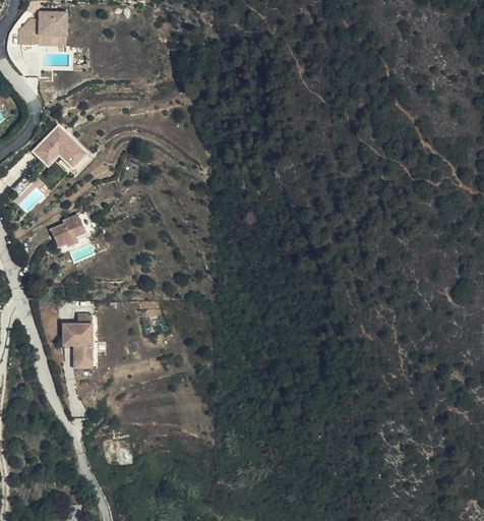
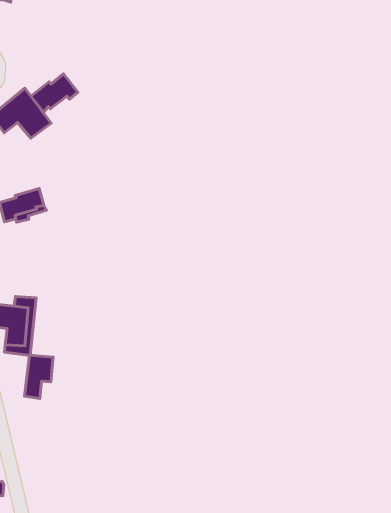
building: none -> [31,74,78,112]
building: none -> [25,355,53,399]

